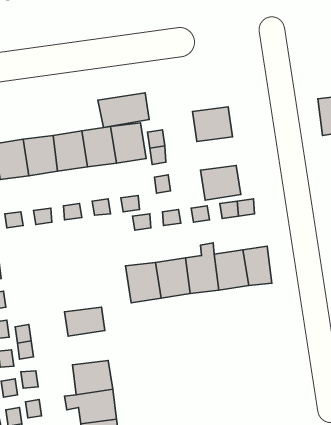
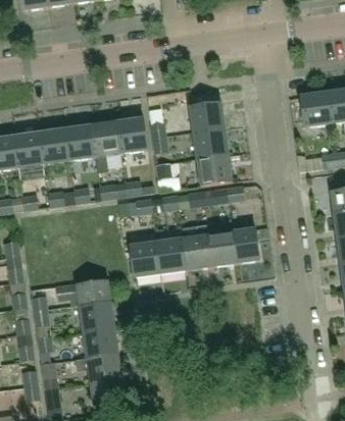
building: [98,93,149,128] -> none
building: none -> [194,129,229,159]
building: none -> [80,301,115,331]

